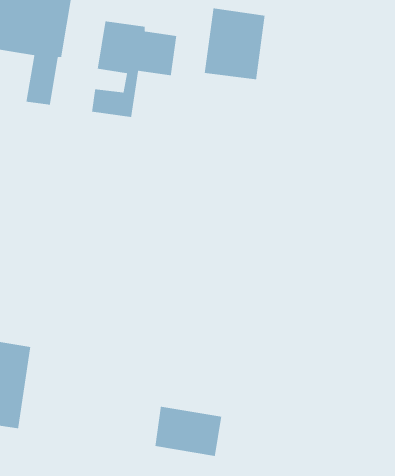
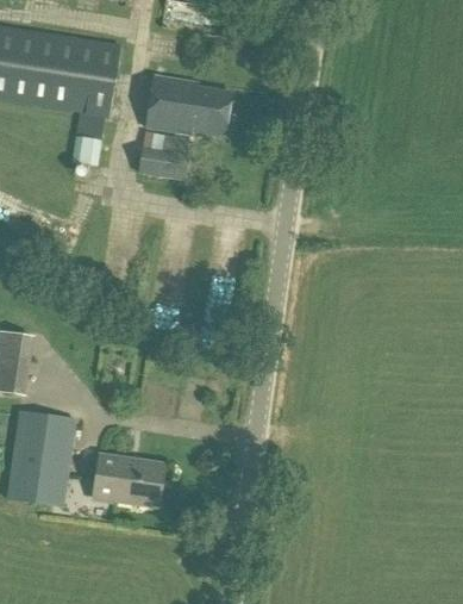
building: [204,8,266,80] -> none
building: [154,406,222,457] -> [94,454,165,508]

